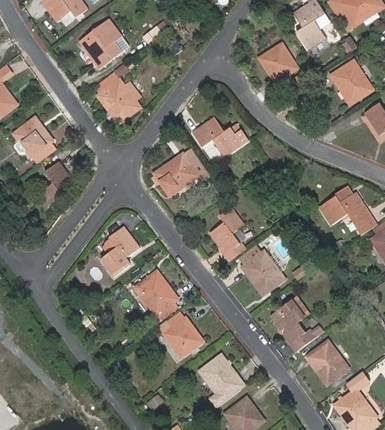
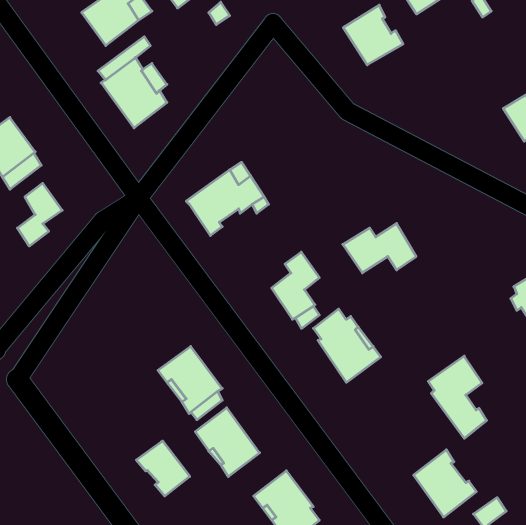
building: [331,60,373,104] -> none
building: [192,117,247,156] -> none
building: [318,192,367,225] -> [343,223,416,273]
building: [100,226,139,277] -> none
building: [272,296,311,351] -> [428,356,487,438]
building: none -> [136,441,190,496]

